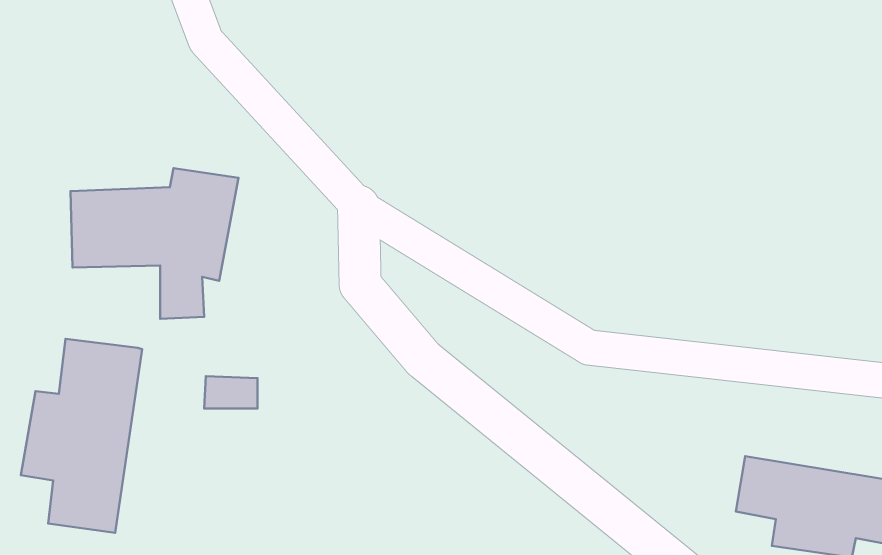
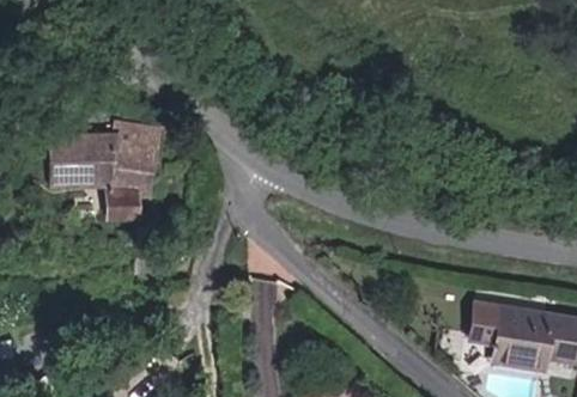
building: [21,339,142,533] -> none

